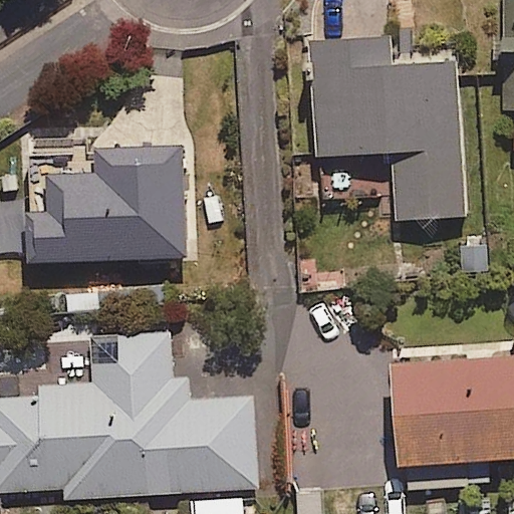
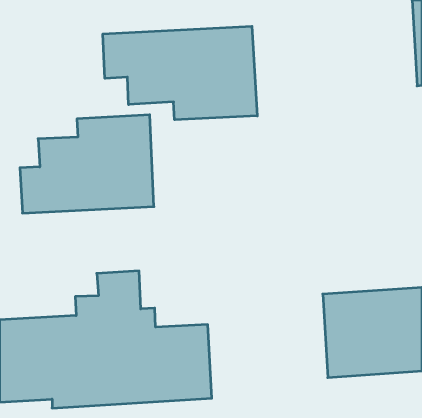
building: [311,35,465,220] -> none
building: none -> [103,26,257,120]

